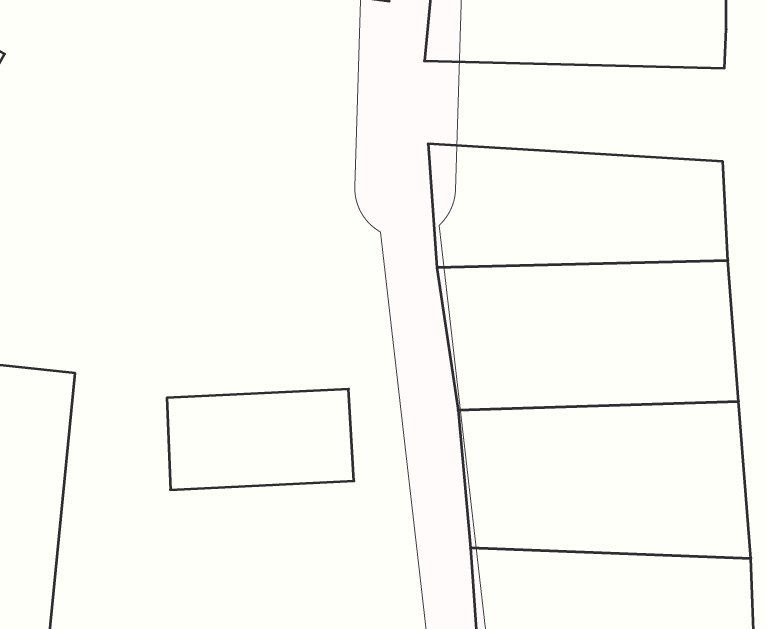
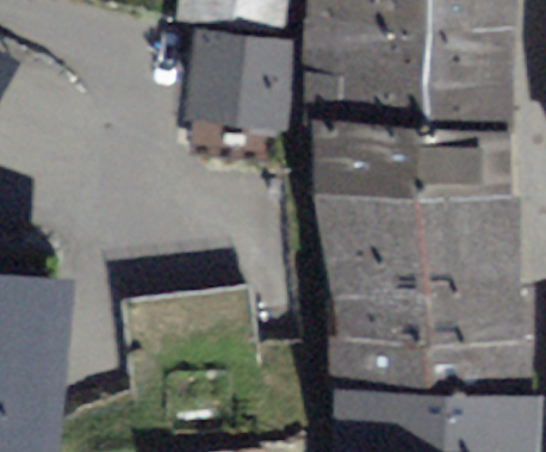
building: none -> [197,41,284,119]
building: none -> [305,63,508,131]

